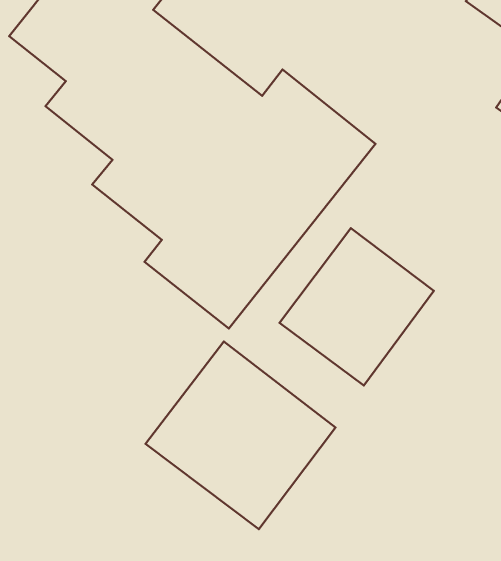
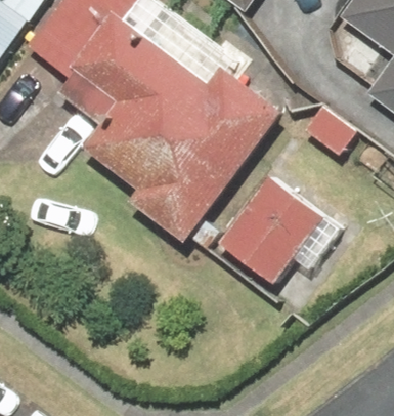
building: [146,342,335,529] -> none

